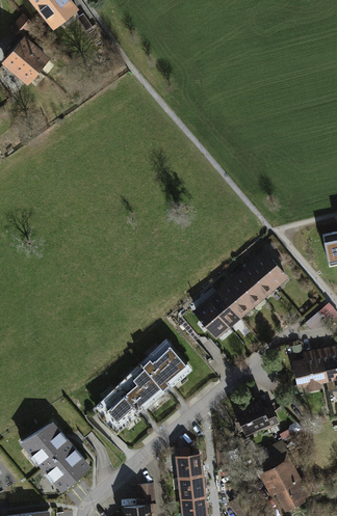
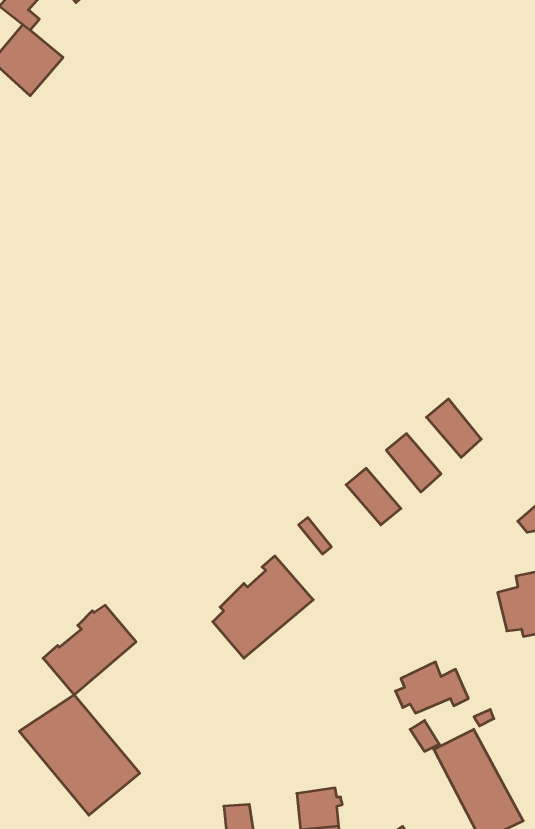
building: [241,264,273,296] -> none
building: [218,282,250,316] -> none
building: [196,302,227,334] -> none
building: [96,380,149,431] -> [43,605,136,695]
building: [177,455,201,478] -> none

